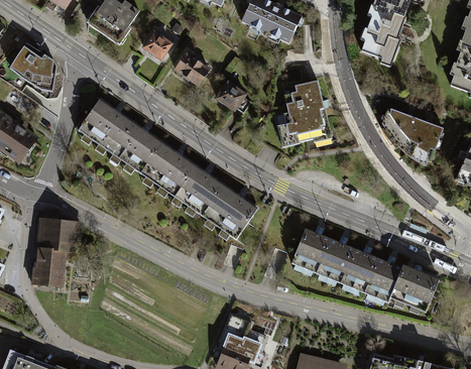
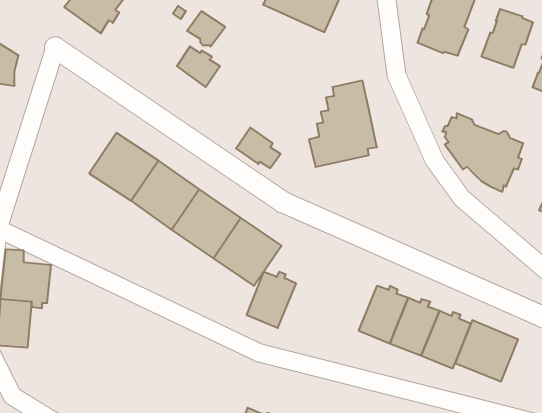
building: none -> [482,9,533,68]
building: [142,31,171,58] -> [187,11,225,47]
building: [217,82,251,113] -> [236,128,281,168]
building: [77,98,129,151] -> none
building: [291,229,330,272] -> [247,272,296,328]

